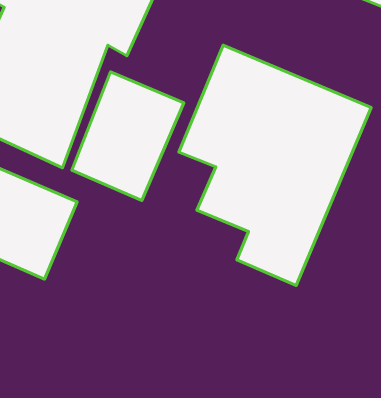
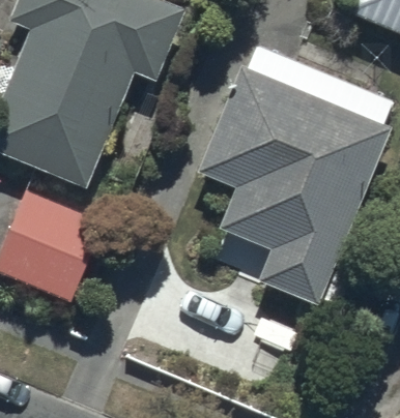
building: [72,72,184,201] -> none

